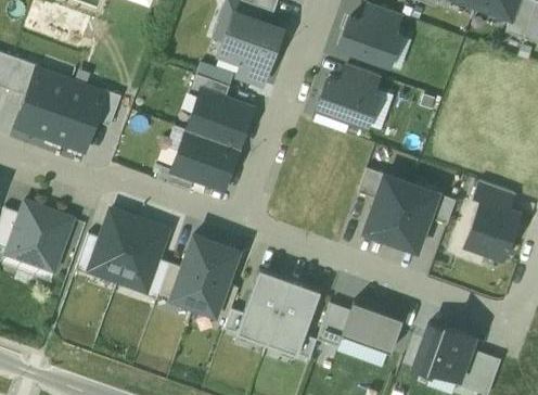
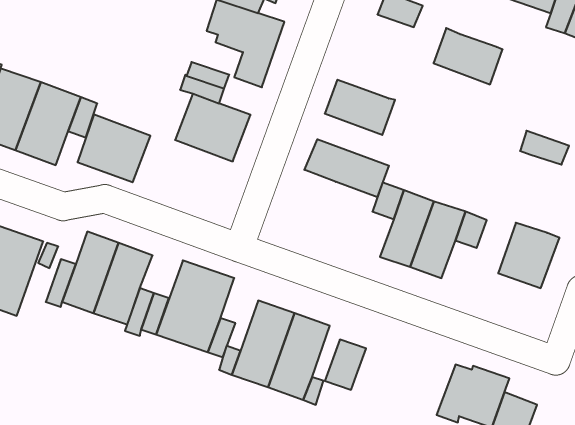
building: [340,17,399,66] -> [433,28,503,84]
building: [340,64,379,95] -> none
building: none -> [304,139,389,197]
building: [174,131,236,190] -> [77,114,150,182]
building: [473,182,515,212] -> [520,131,569,165]
building: [344,303,404,353] -> none

